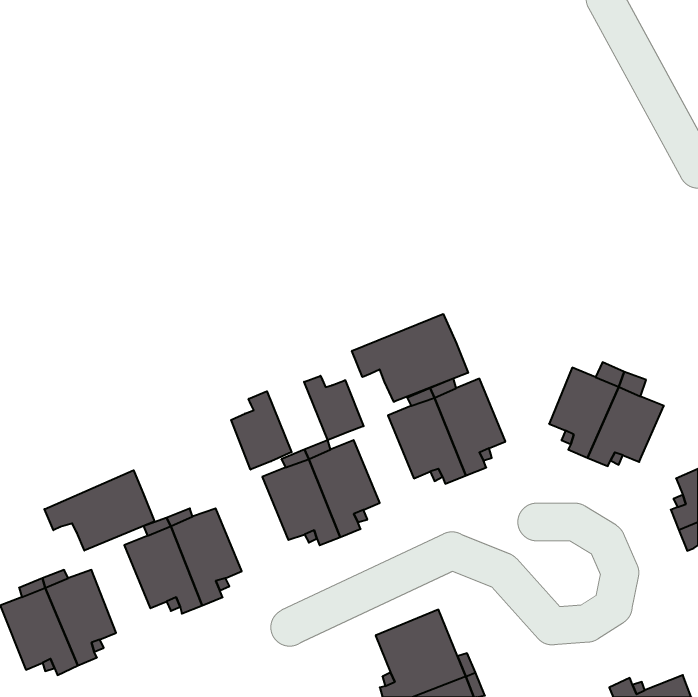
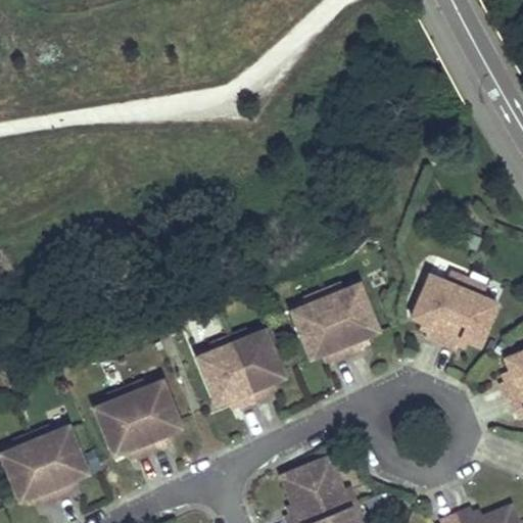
building: [352,314,468,402] -> none
building: [304,376,364,440] -> none
building: [231,391,292,470] -> none
building: [44,470,155,551] -> none

